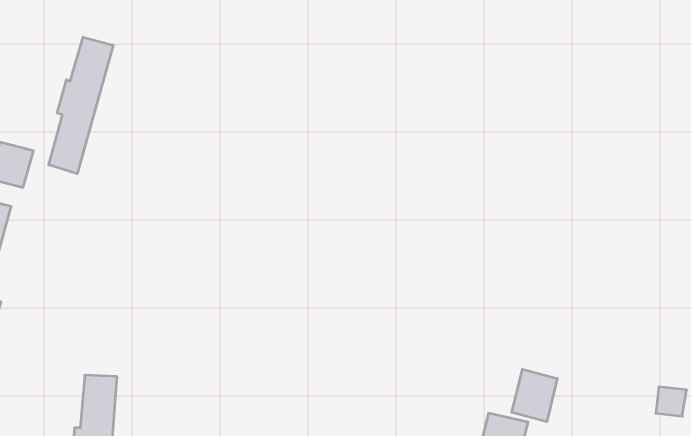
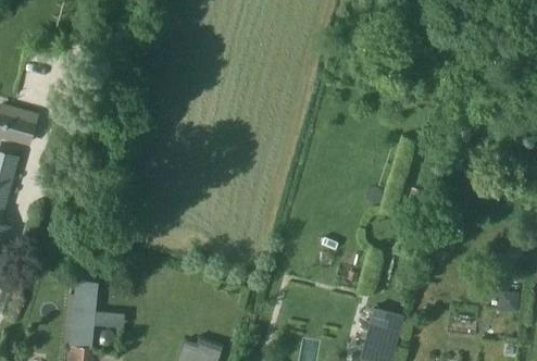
building: [49,37,113,174] -> none
building: [512,369,557,422] -> none

